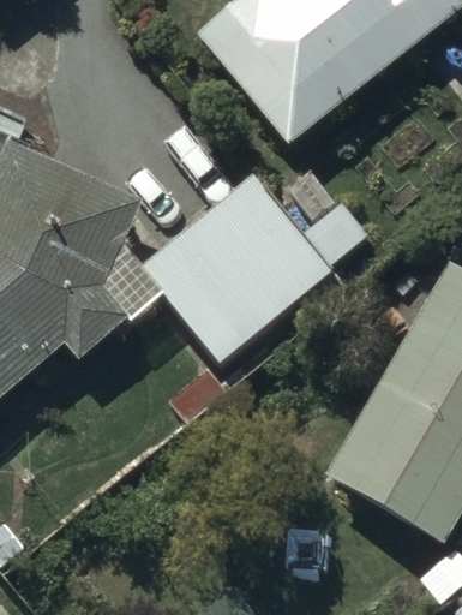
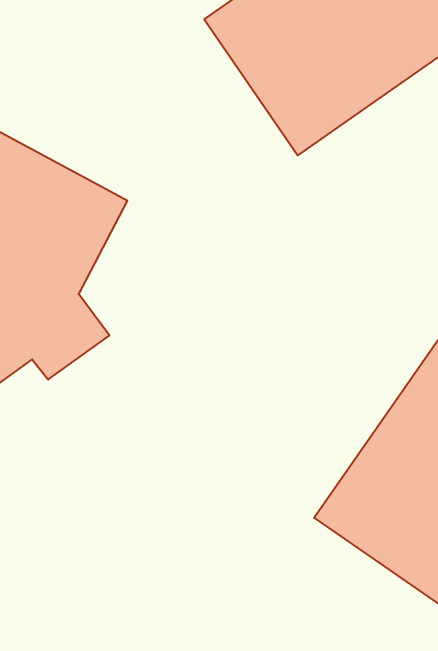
building: [140,174,330,362] -> none

